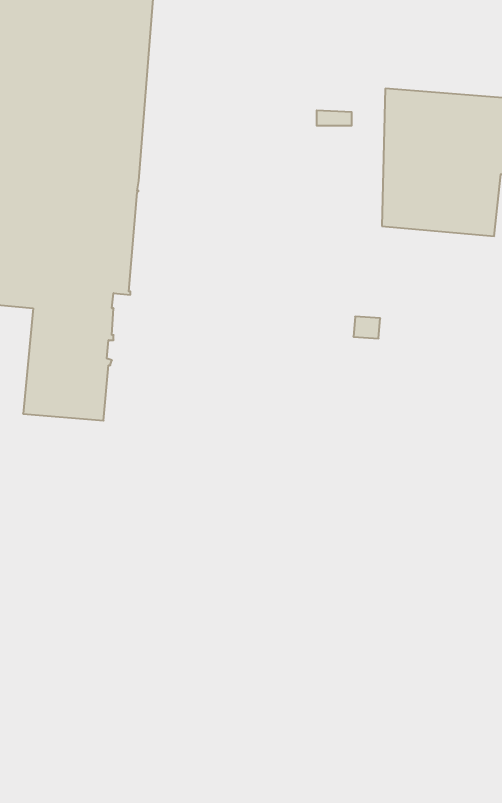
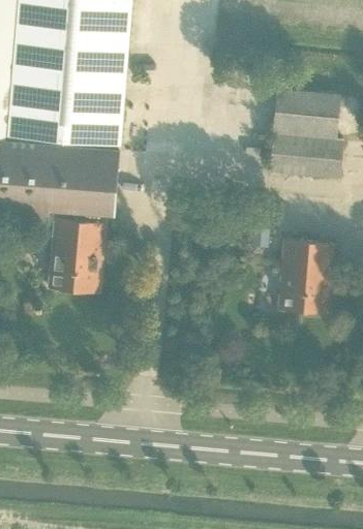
building: none -> [277,239,333,313]

